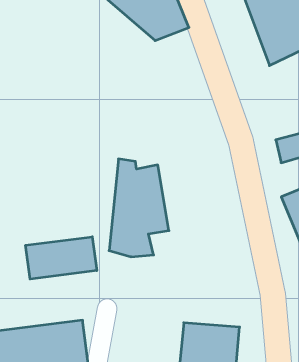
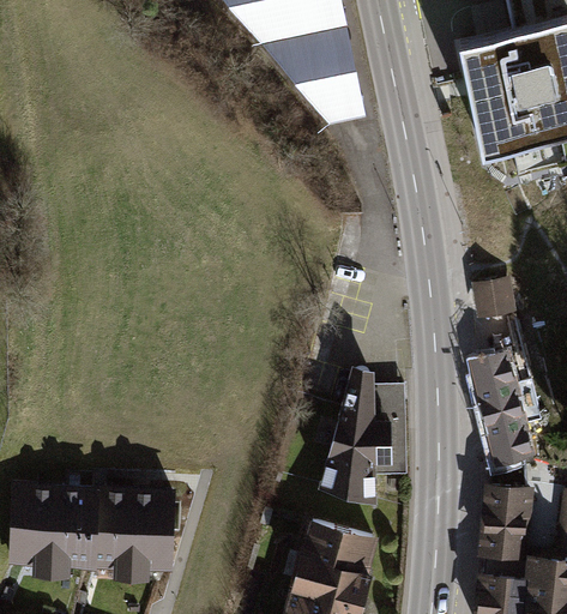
building: [109,159,169,257] -> [315,366,402,505]
building: [26,237,97,279] -> none

